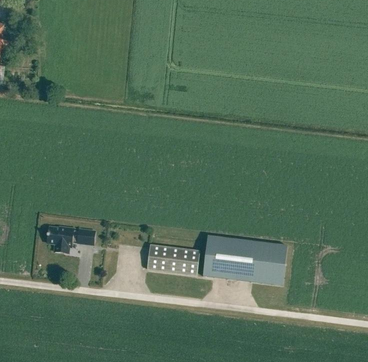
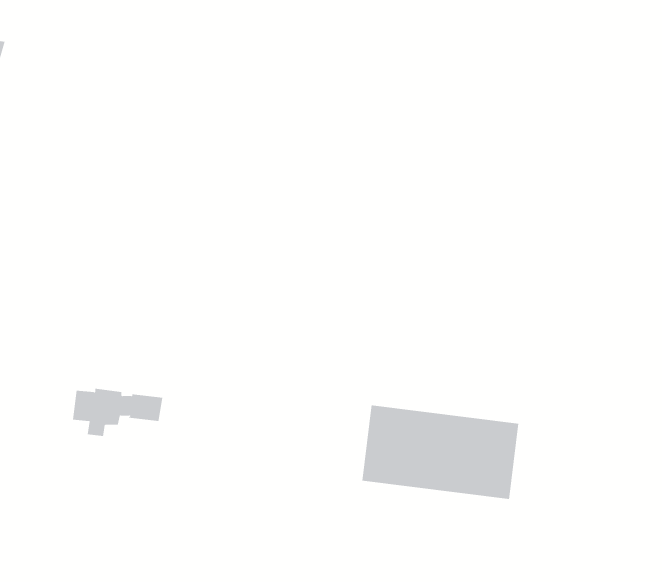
building: [146,245,199,275] -> none

